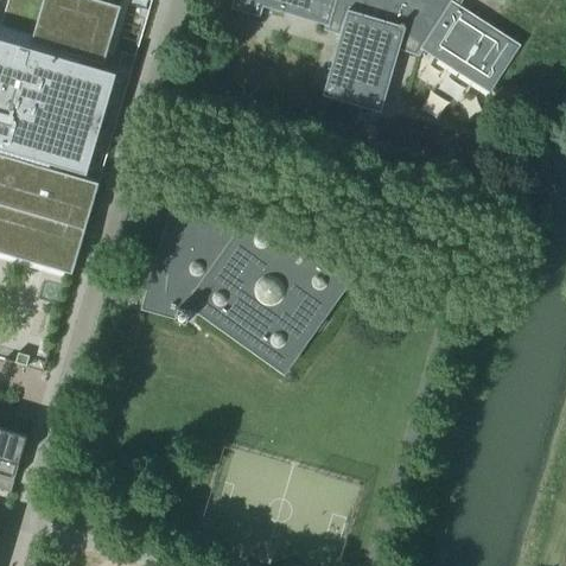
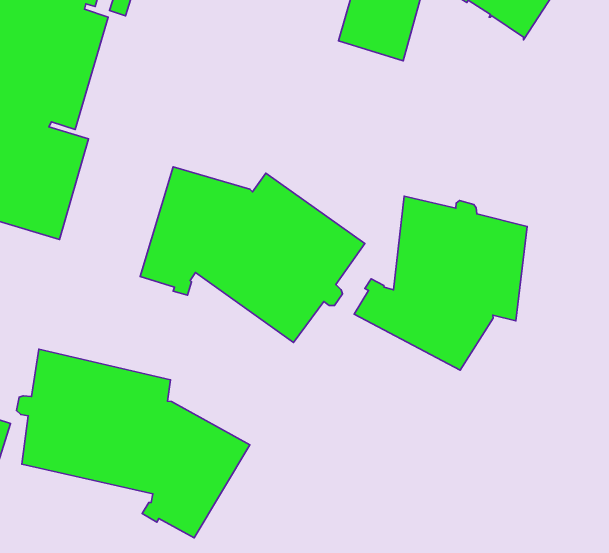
building: none -> [354,196,527,370]
building: none -> [17,349,250,538]

